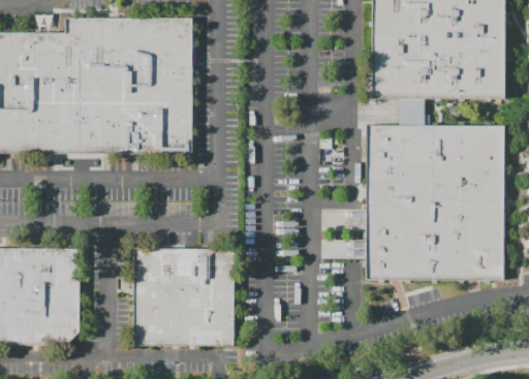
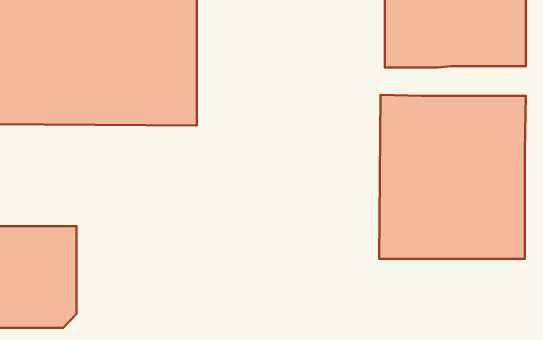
building: [406,99,421,126] -> none
building: [134,249,235,346] -> none

